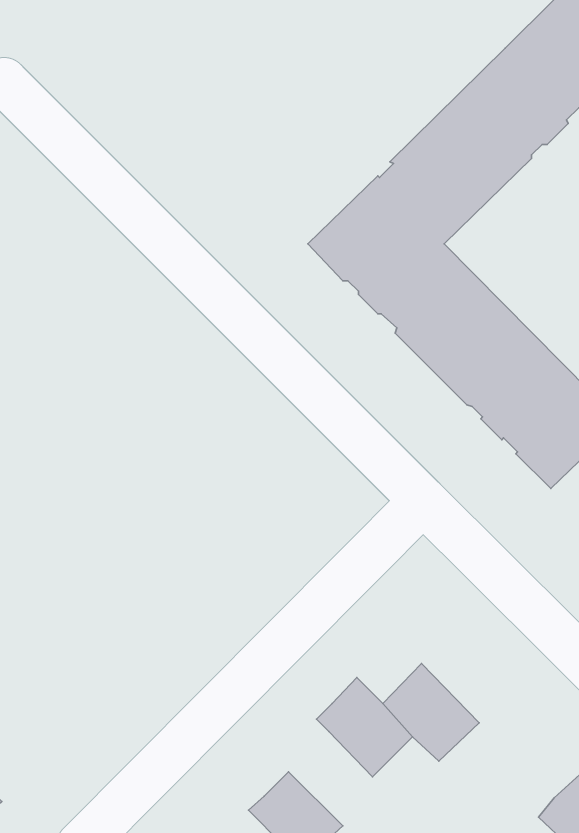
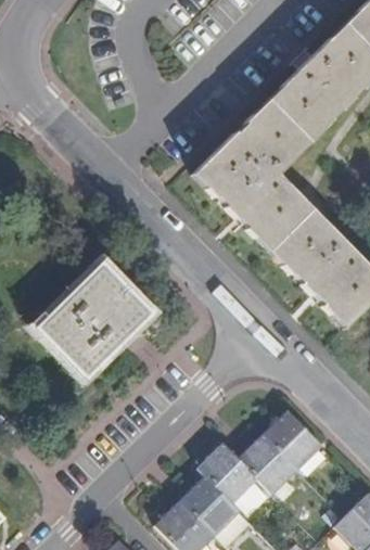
building: none -> [38,261,152,378]
building: none -> [264,410,323,471]
building: none -> [181,476,240,535]

